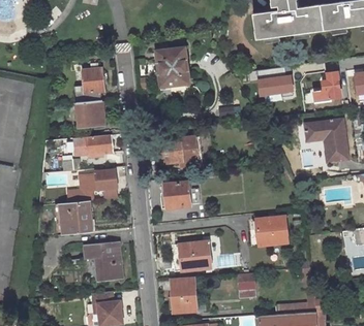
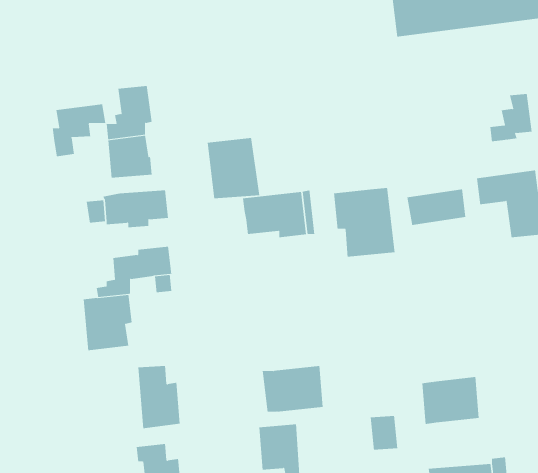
building: [156,46,189,85] -> [207,138,260,199]
building: [256,75,294,98] -> [406,189,466,225]
building: none -> [52,103,106,157]
building: none -> [334,187,395,257]
building: [160,181,190,208] -> none
building: [250,217,286,247] -> [421,377,480,425]

